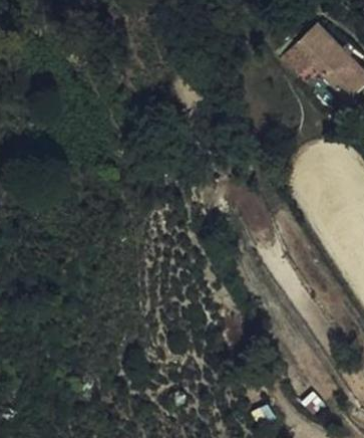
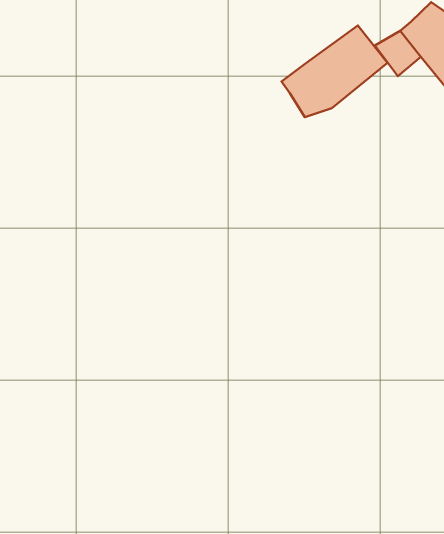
building: none -> [282,26,388,117]

